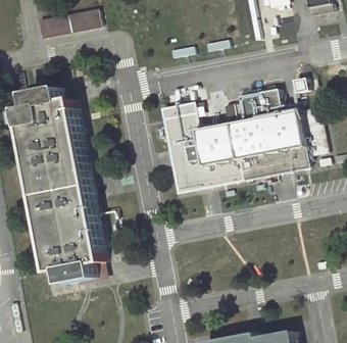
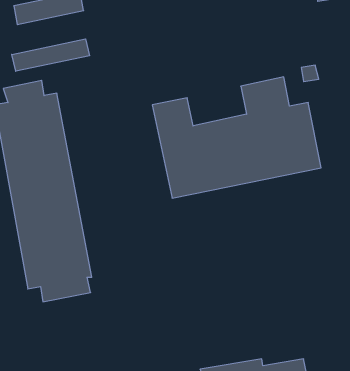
building: none -> [12,39,89,71]

